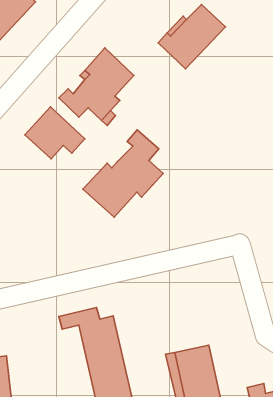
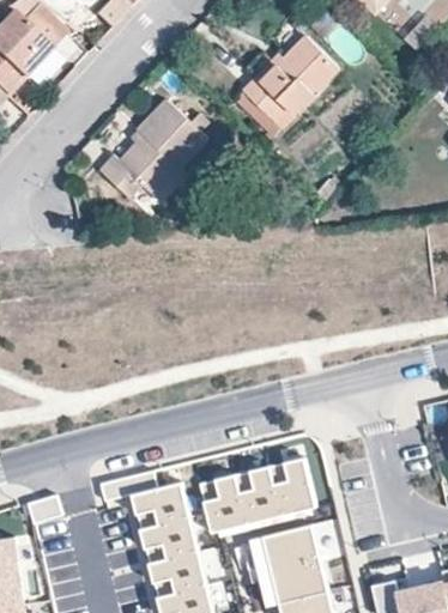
building: [25,107,85,159] -> none
building: [83,130,163,217] -> none
building: none -> [195,459,311,532]

